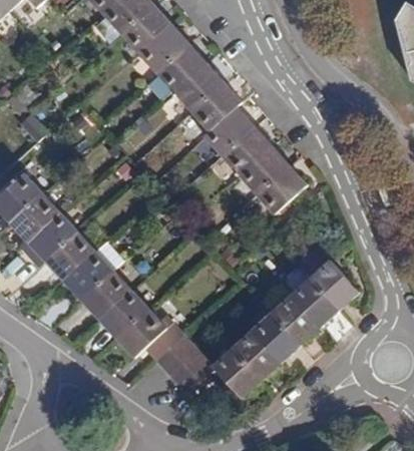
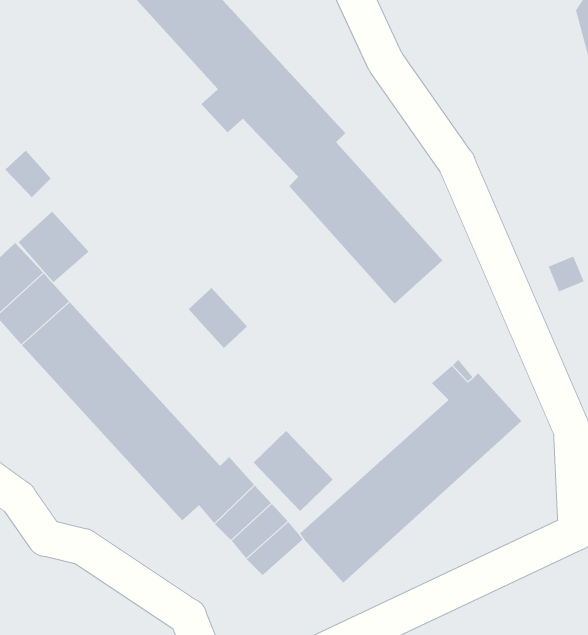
building: none -> [18,211,89,283]
building: none -> [188,287,248,349]
building: none -> [253,430,334,512]

